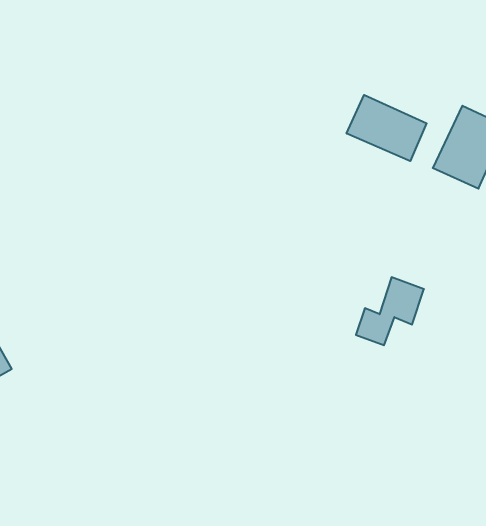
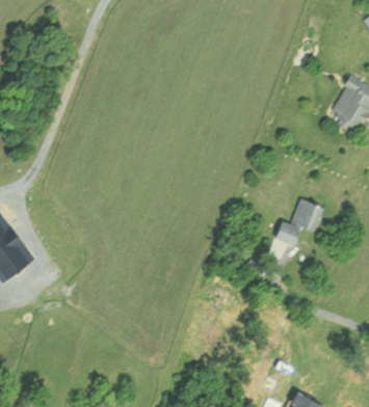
building: [347,95,427,161] -> none

